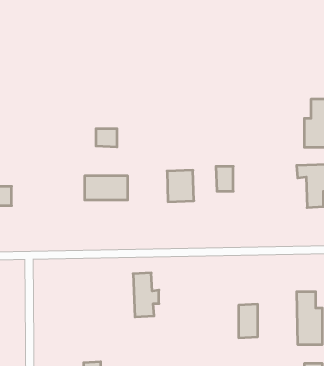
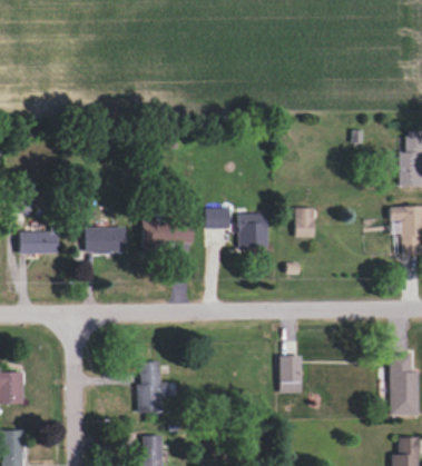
building: [96,129,117,147] -> [206,208,230,229]
building: none -> [85,227,126,252]
building: [133,273,159,317] -> [138,361,168,413]
building: [239,304,258,338] -> [279,355,302,394]

